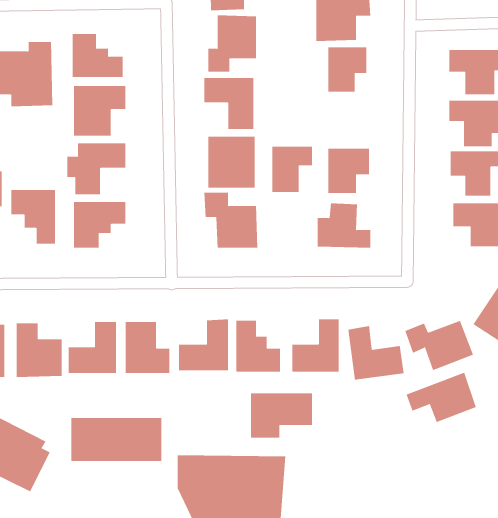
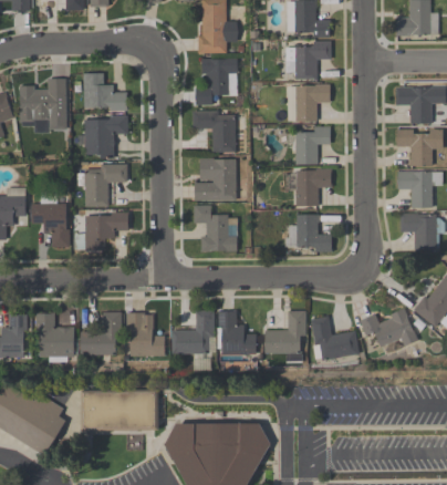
building: [272,146,313,193] -> [295,126,330,165]
building: [406,372,476,423] -> none
building: [250,392,313,438] -> none

